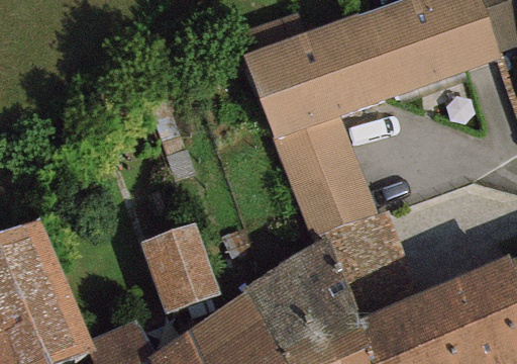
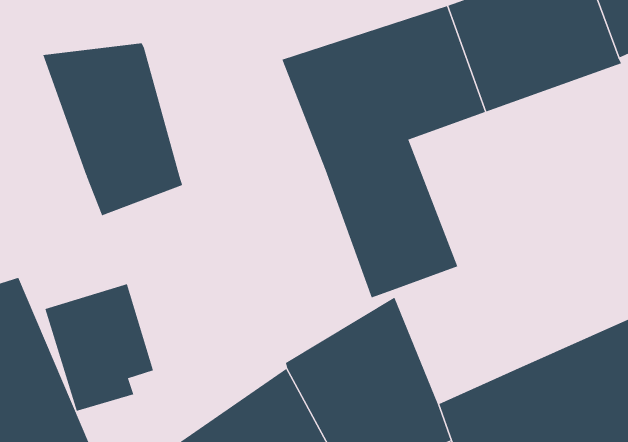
building: none -> [43,42,183,216]
building: [325,211,418,320] -> none
building: [135,229,219,327] -> [44,284,154,412]

